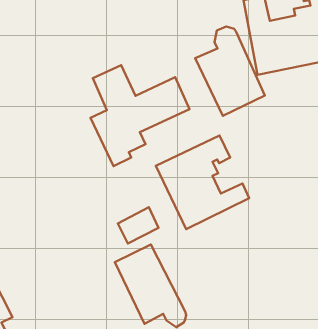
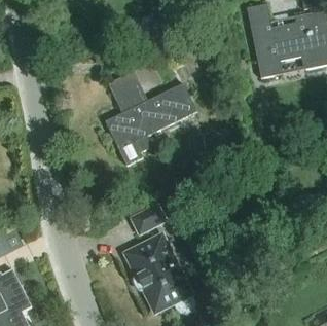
building: [195,27,265,116] -> none
building: [156,135,249,229] -> none

